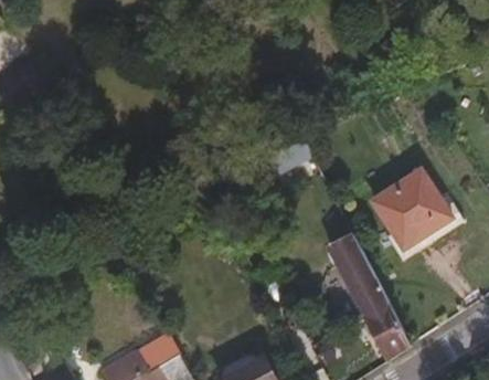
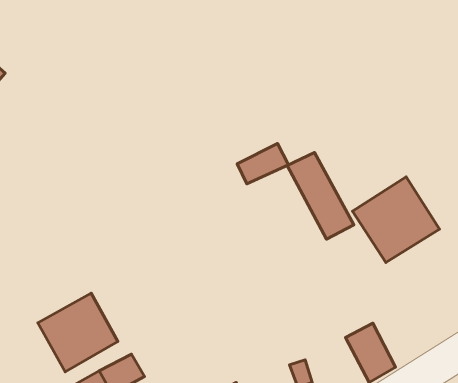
building: [329,238,391,318] -> [287,152,354,239]
building: none -> [38,293,118,372]

